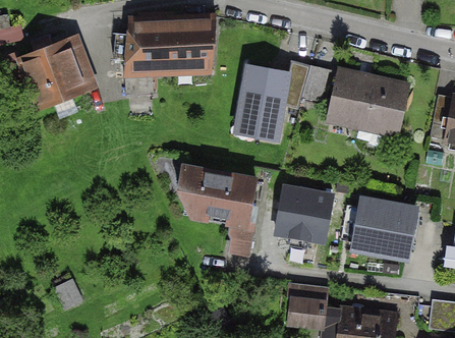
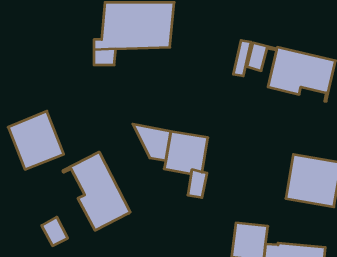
building: [20,38,88,108] -> [8,111,64,169]
building: [237,66,290,144] -> none
building: [274,184,336,243] -> none
building: none -> [63,152,130,230]

